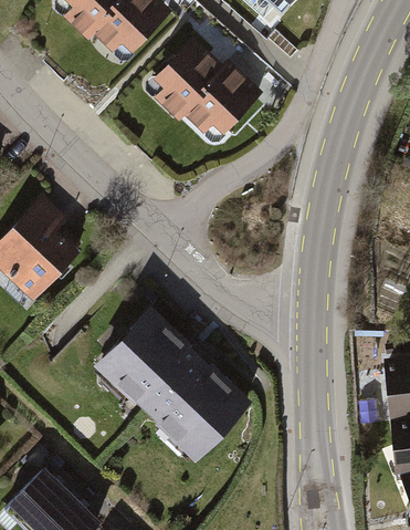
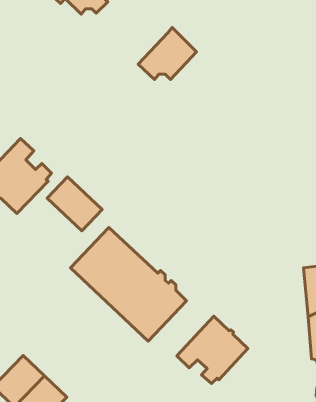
building: [157,48,220,116] -> none
building: none -> [47,177,102,231]
building: none -> [177,316,248,384]

